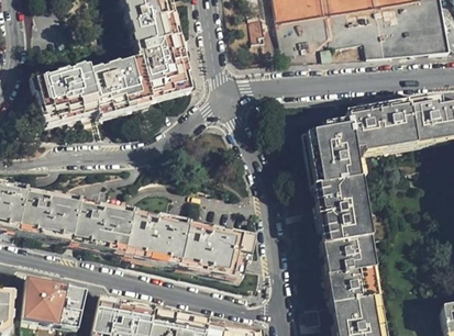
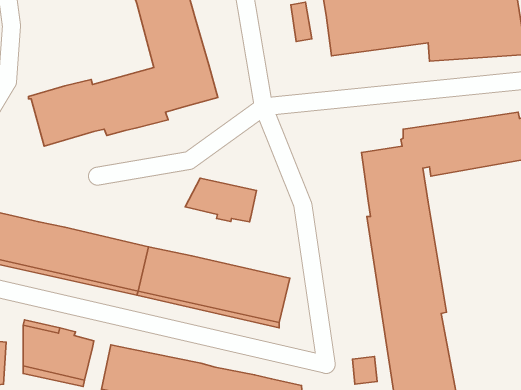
building: none -> [185,178,257,222]

